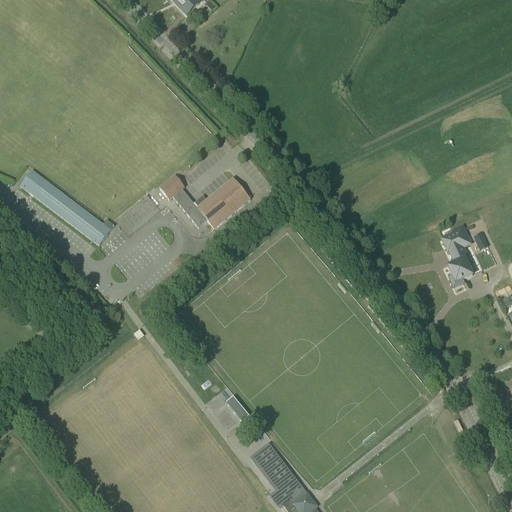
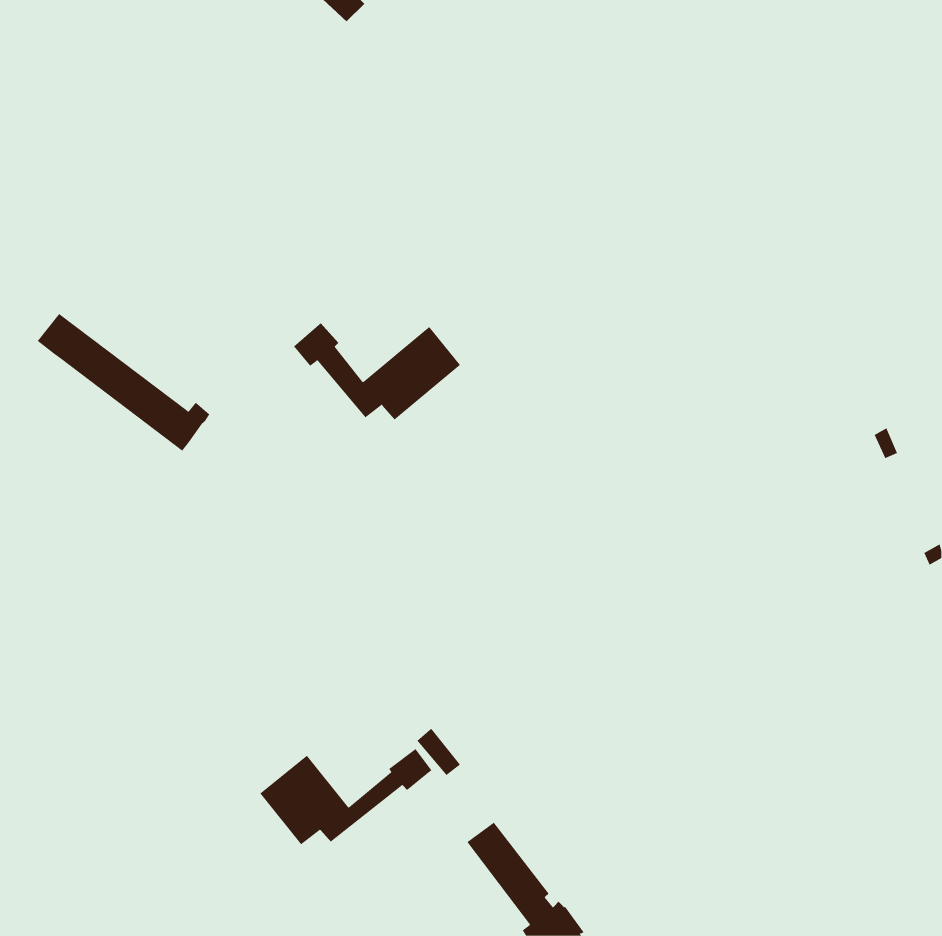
building: [441,225,473,287] -> none
building: none -> [259,748,432,845]

